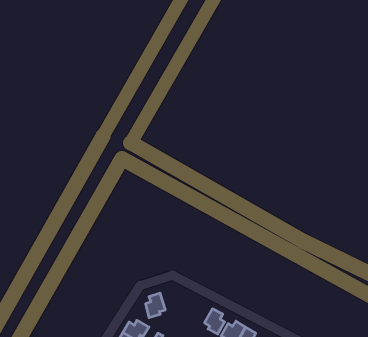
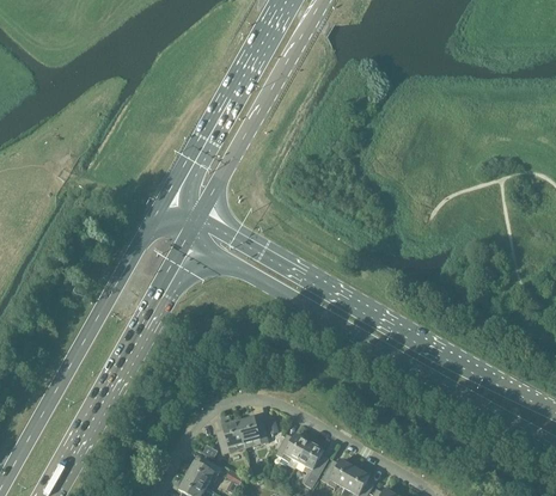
building: none -> [238,416,269,443]
building: none -> [276,433,310,460]

